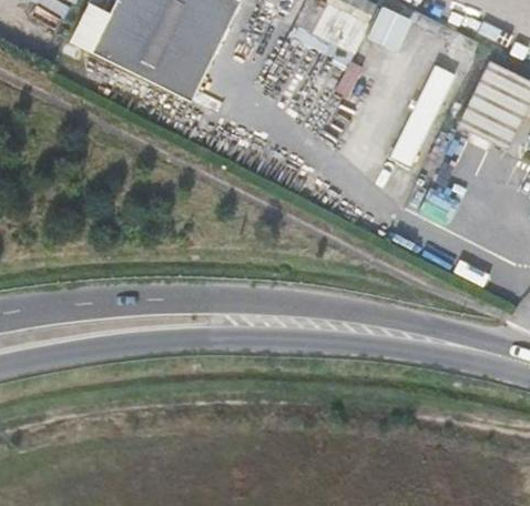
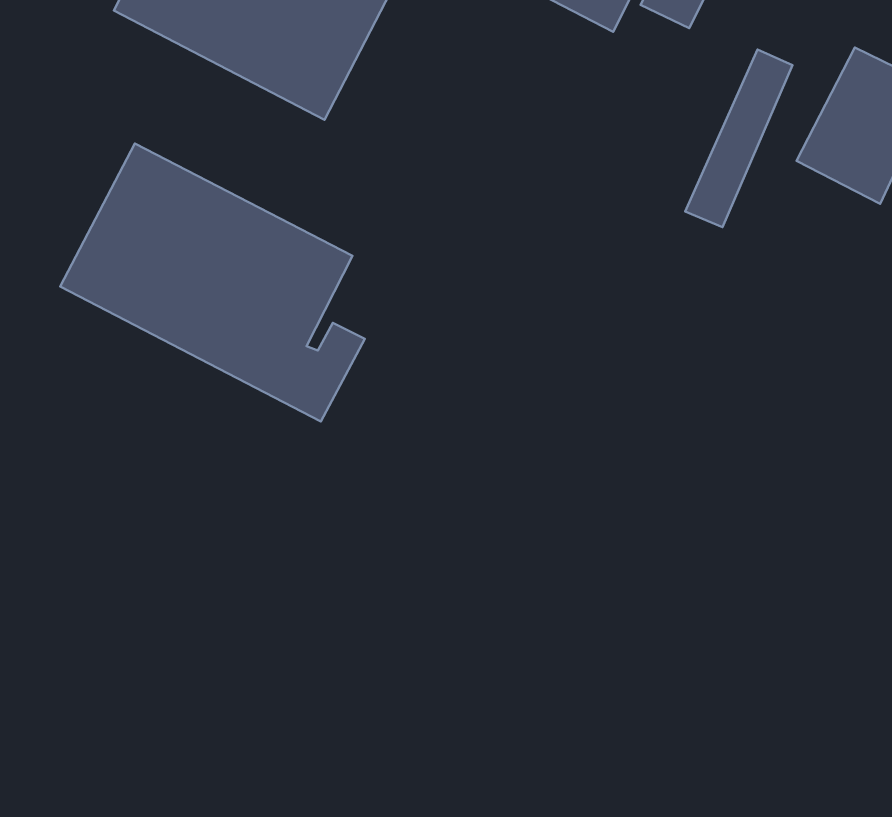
building: none -> [60,143,365,422]

